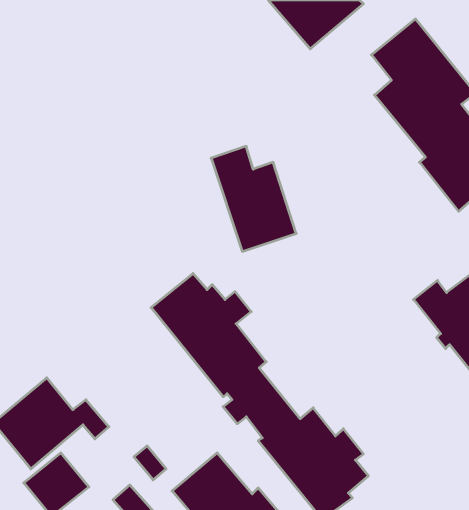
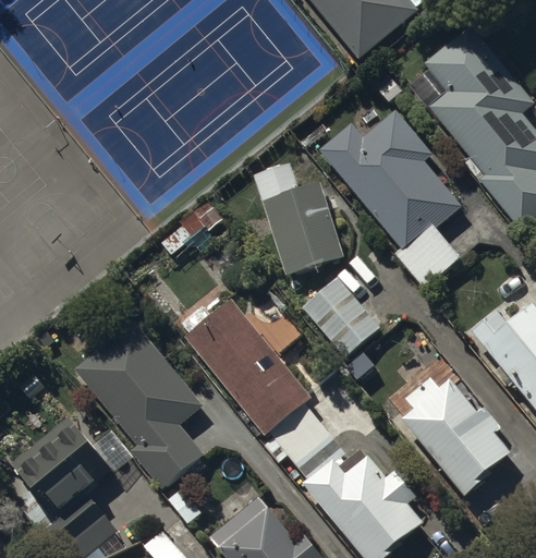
building: none -> [318,110,461,287]
building: none -> [299,275,379,359]
building: none -> [74,319,204,488]
building: none -> [400,377,510,495]

